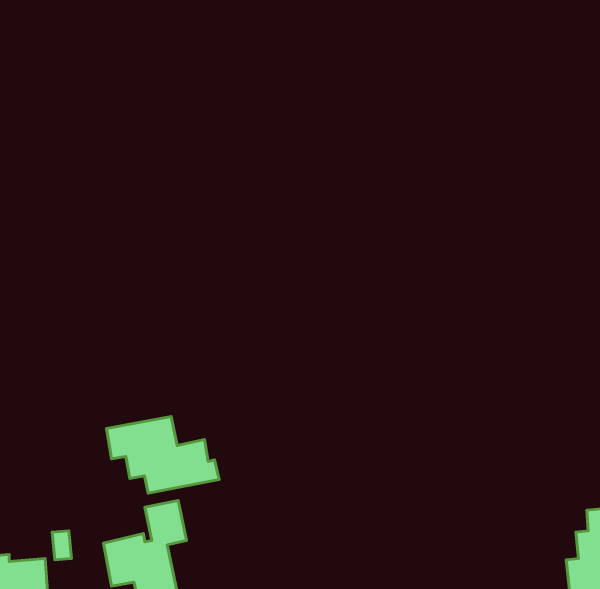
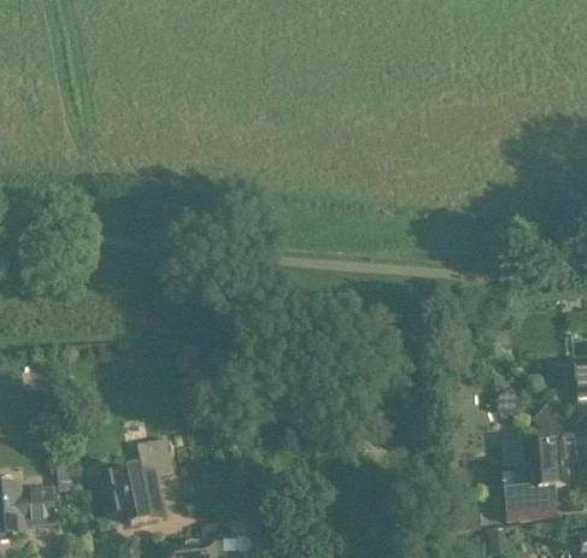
building: [107,416,219,493] -> none

